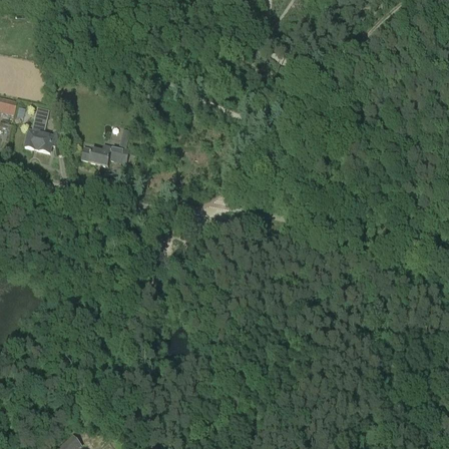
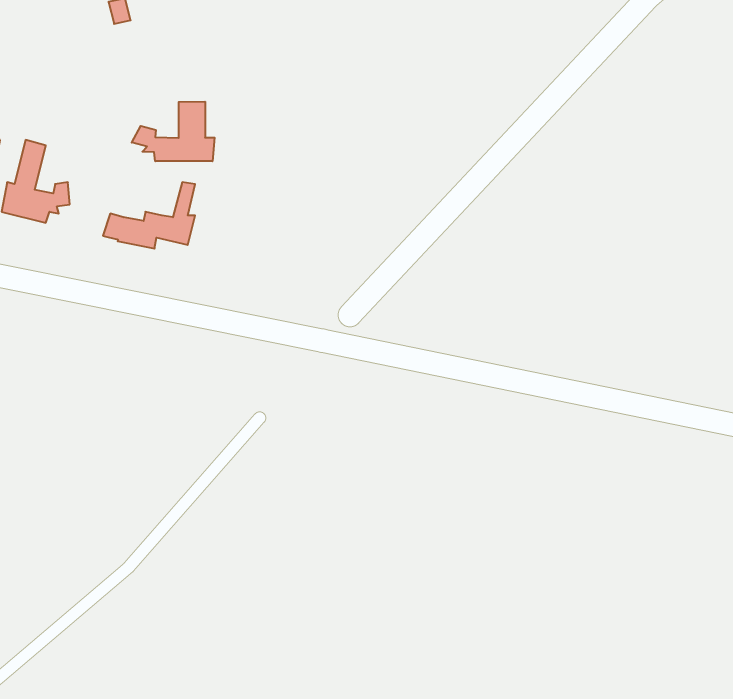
building: none -> [132,102,215,161]

